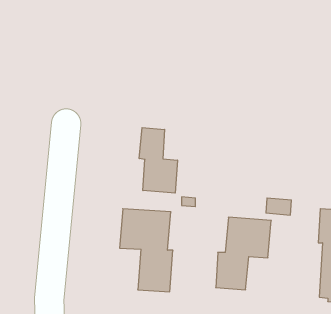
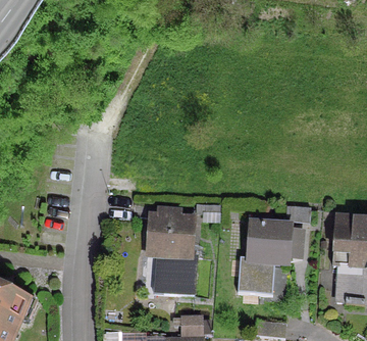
building: [139,128,177,193] -> none

